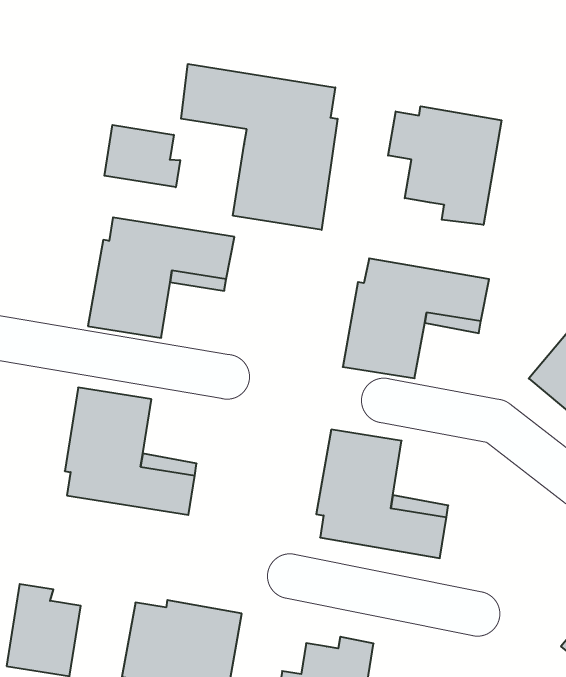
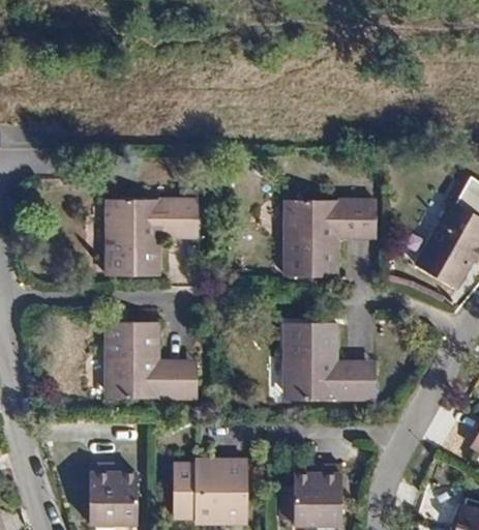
building: [181,64,338,230] -> none
building: [388,106,501,225] -> none
building: [104,125,180,187] -> none

